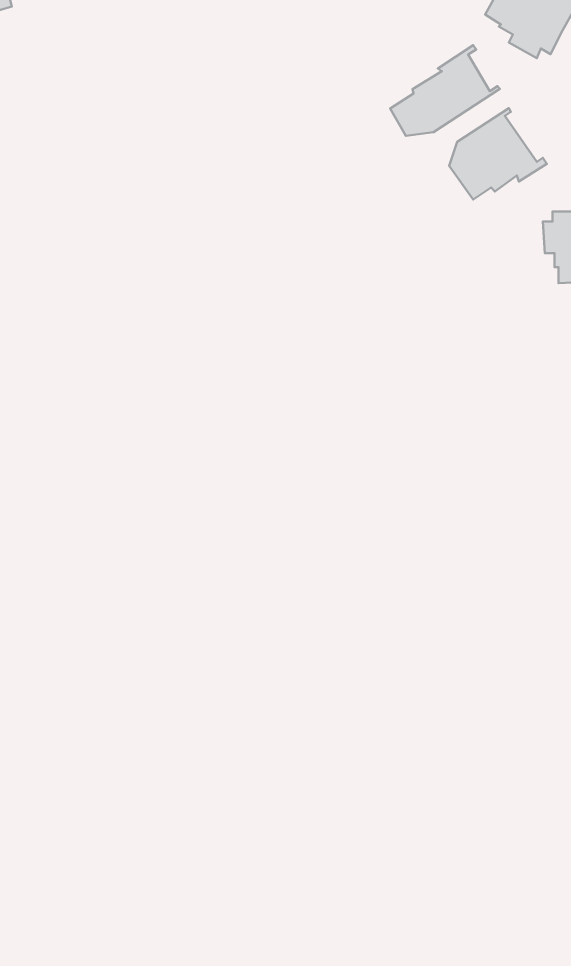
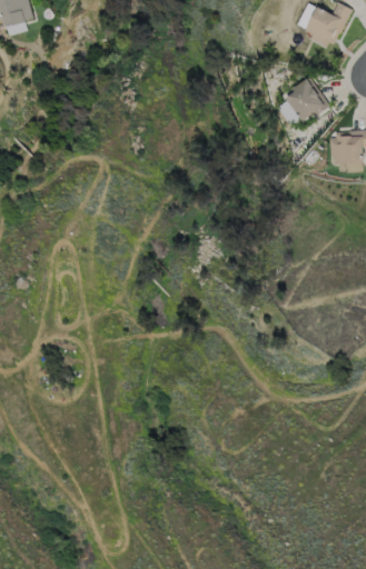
building: [390,45,500,136] -> none

